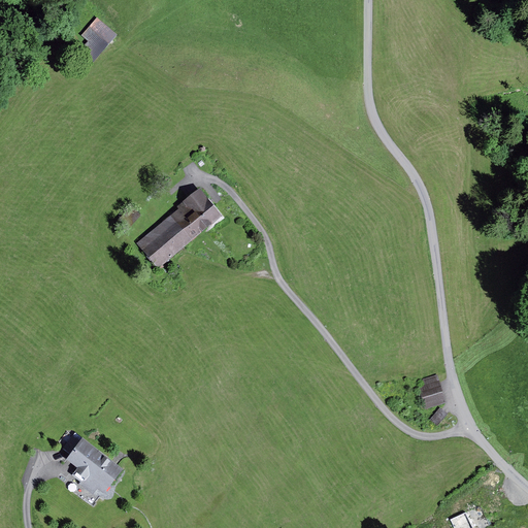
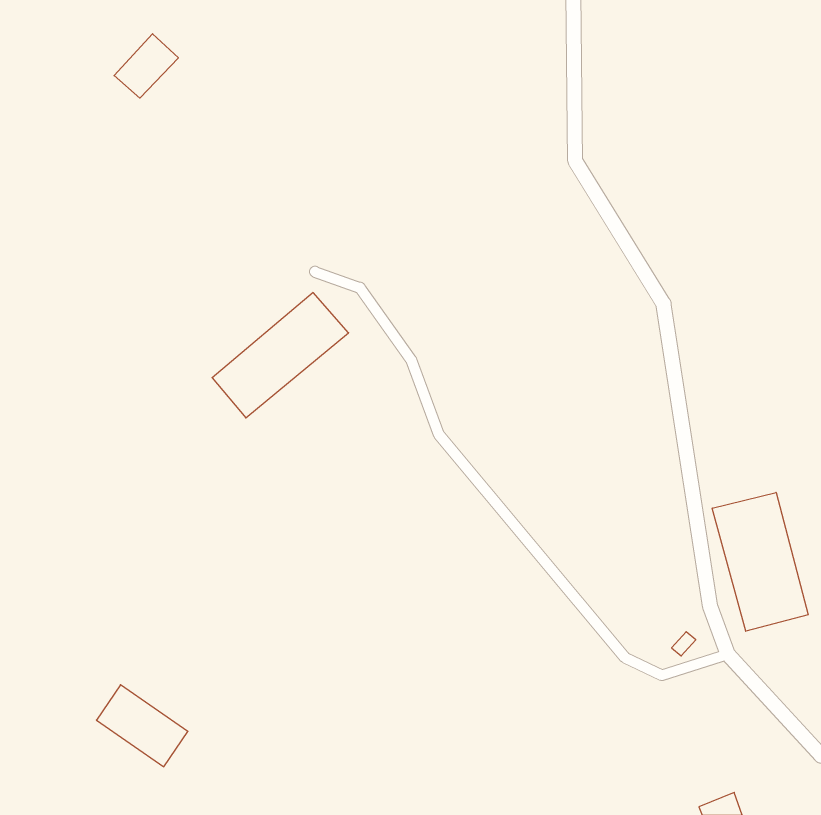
building: none -> [712,492,808,631]
building: [421,374,443,404] -> none

